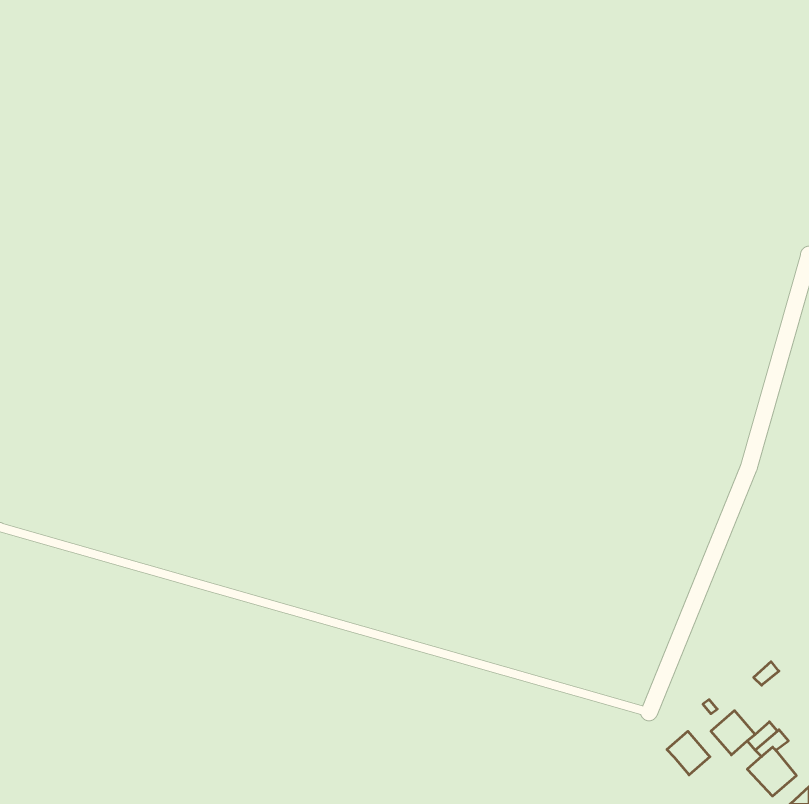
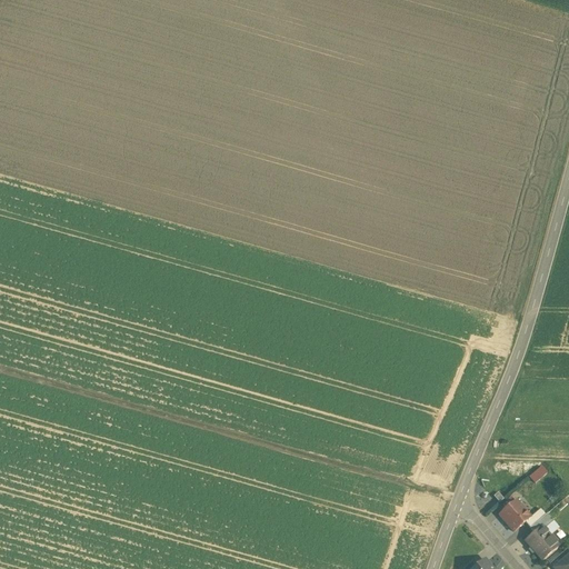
building: [667,731,710,775] -> none

